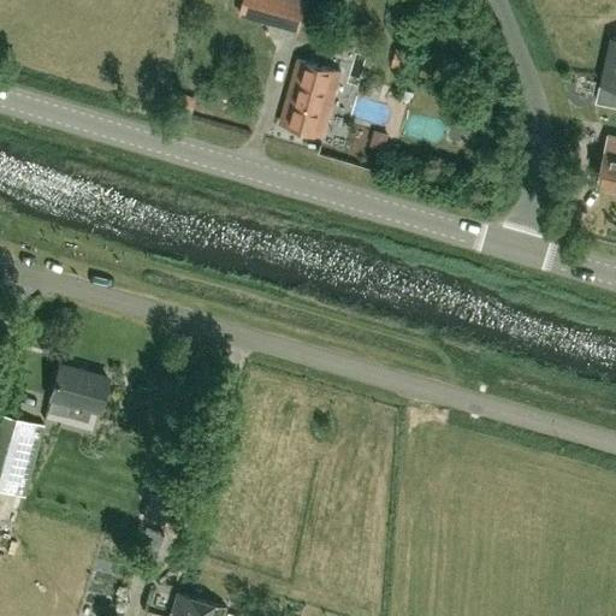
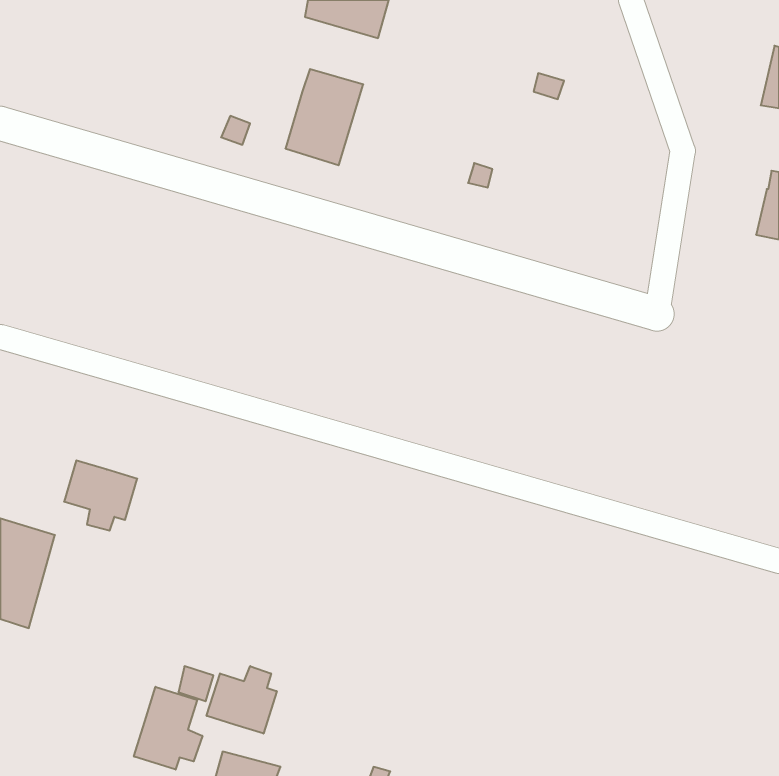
building: [278,61,339,137] -> [285,69,363,165]
building: none -> [207,666,277,734]
building: none -> [134,687,202,770]

